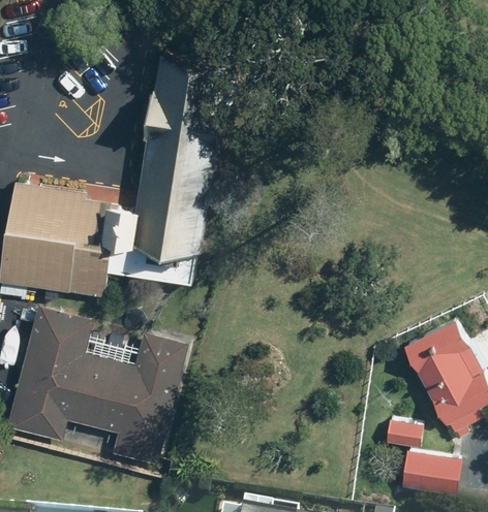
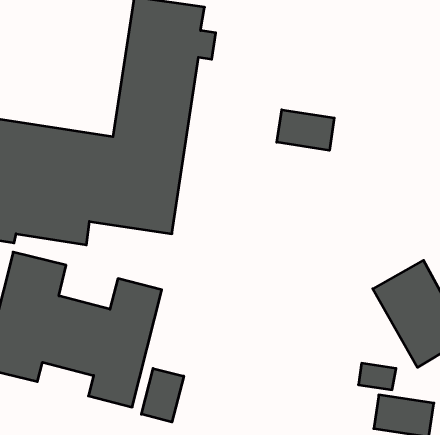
building: none -> [277,110,334,150]
building: none -> [141,368,184,422]

